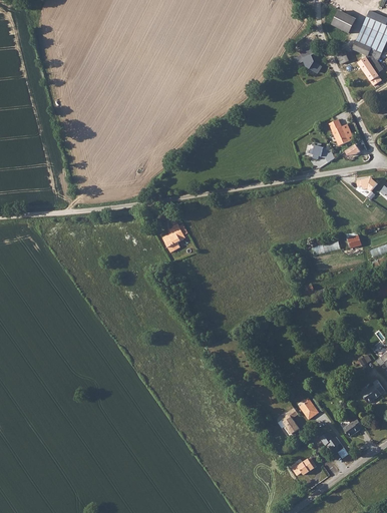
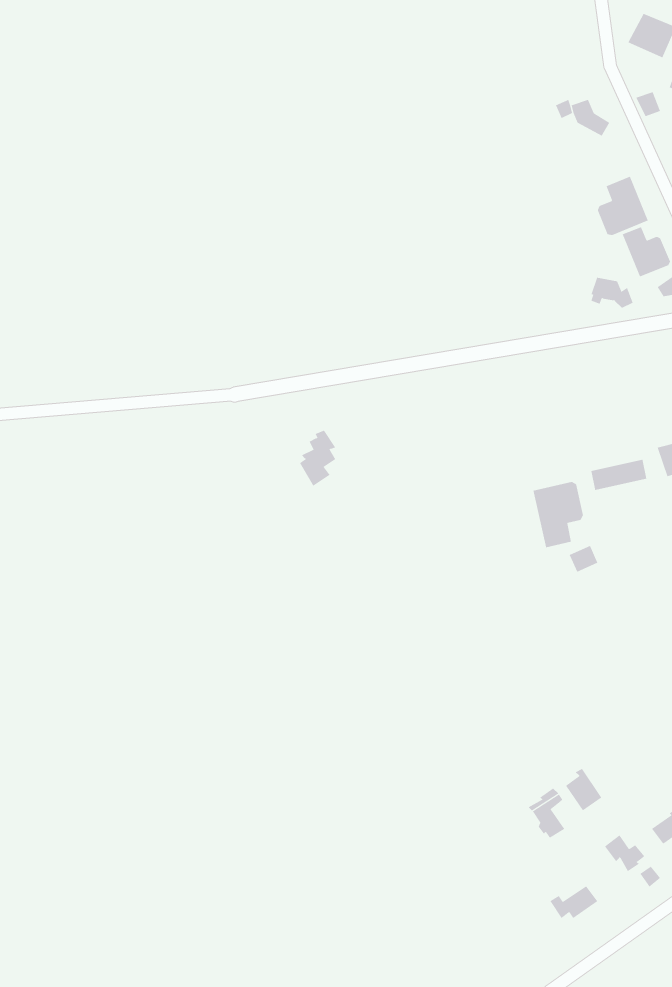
building: none -> [597,176,649,236]
building: none -> [533,481,583,548]

